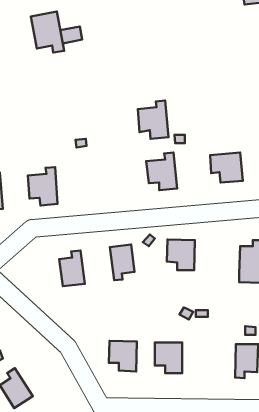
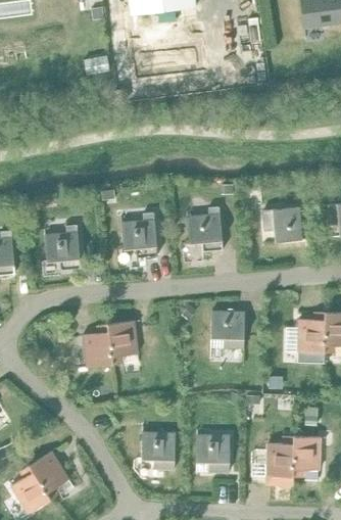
building: [31,12,64,53] -> none
building: [138,100,169,139] -> [120,211,157,257]
building: [110,244,135,280] -> [107,321,137,364]
building: none -> [265,435,293,487]
building: none -> [29,451,68,499]

